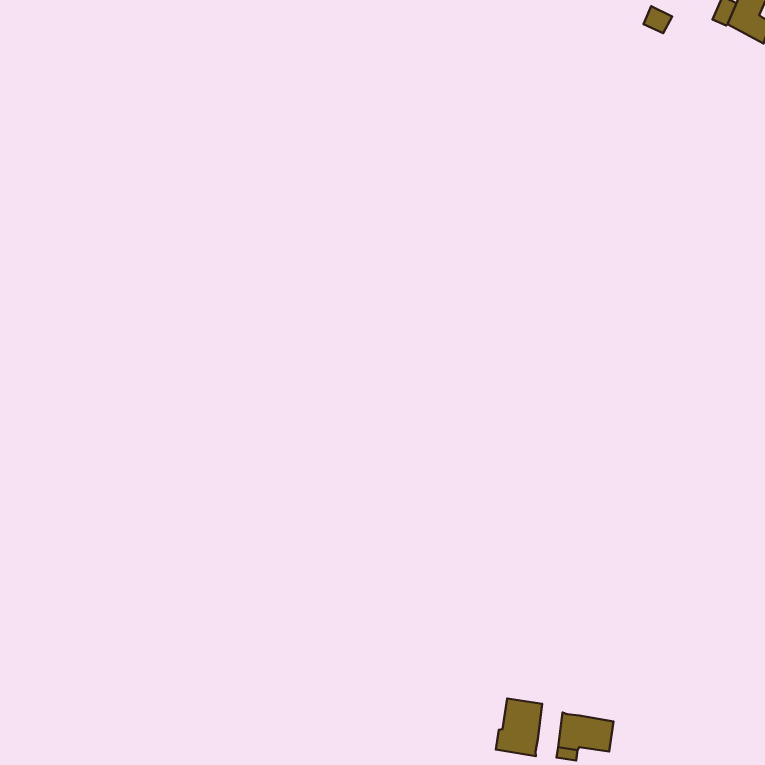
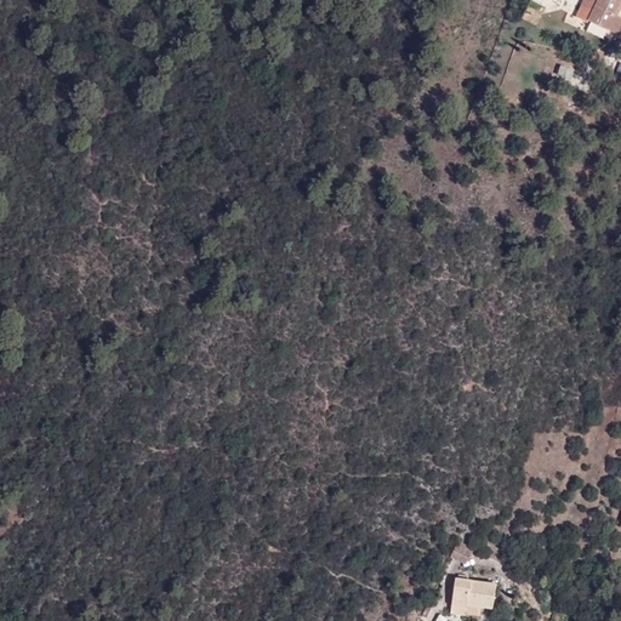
building: [496,699,542,756] -> none

